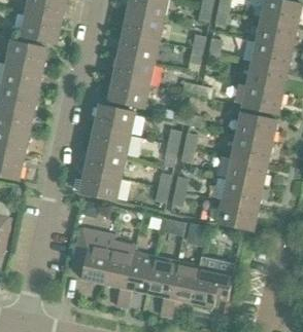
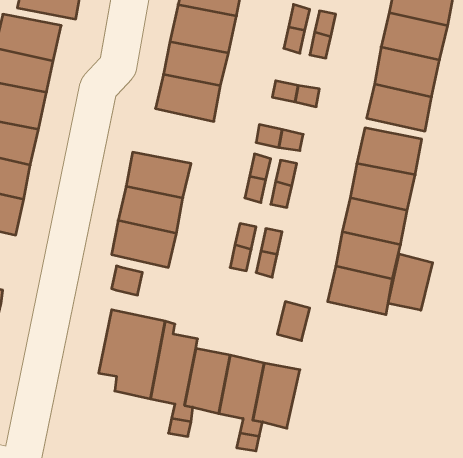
building: [93,104,135,135] -> none
building: none -> [388,254,433,310]
building: [191,265,233,306] -> none

